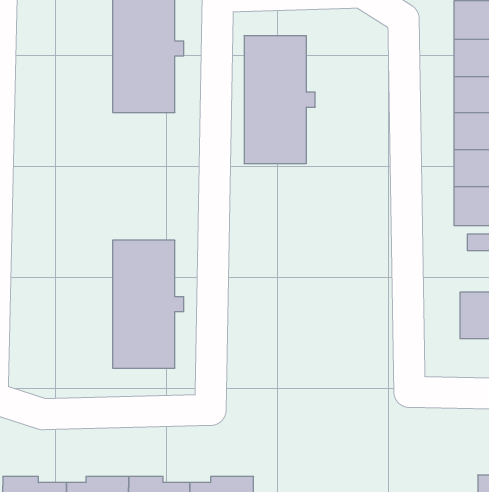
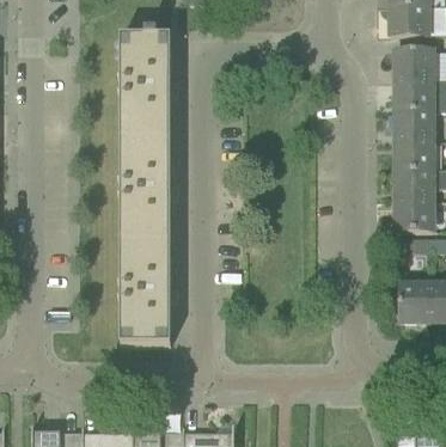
building: [244,36,315,164] -> [120,139,177,241]

